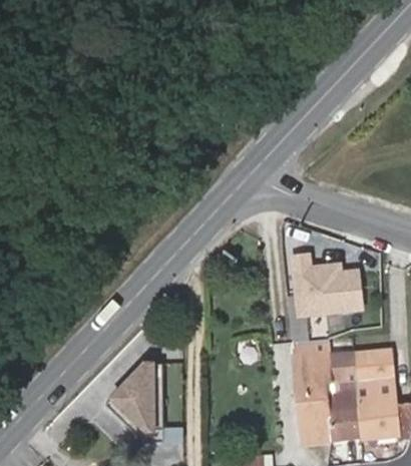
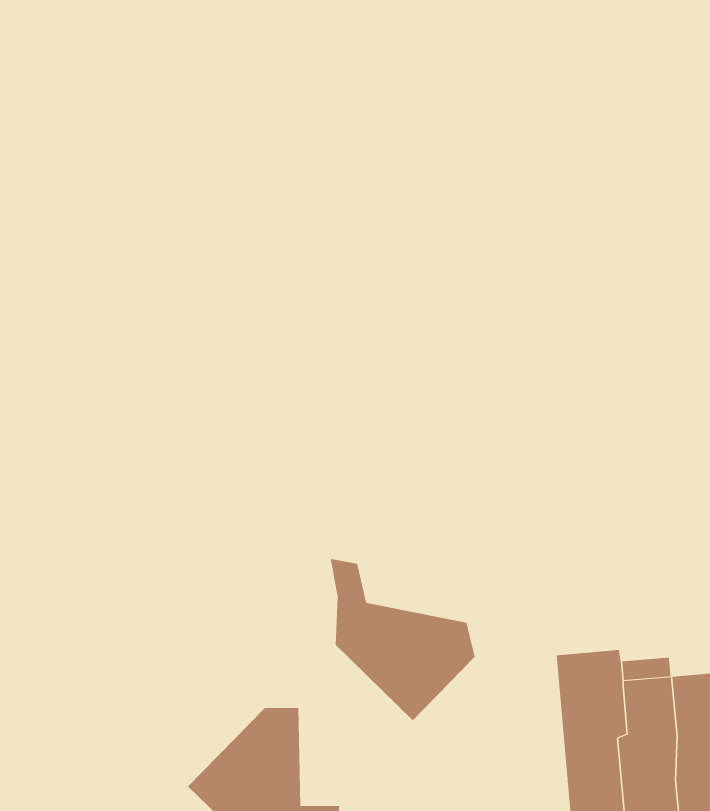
building: [290,254,362,317] -> none
building: none -> [330,558,475,721]

